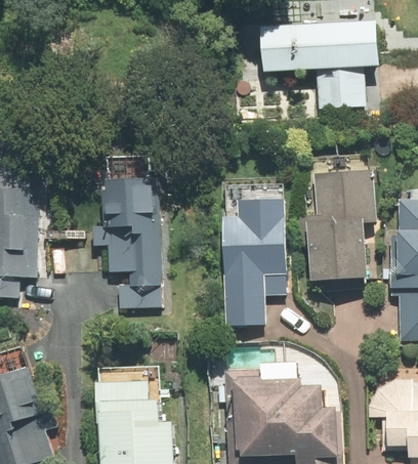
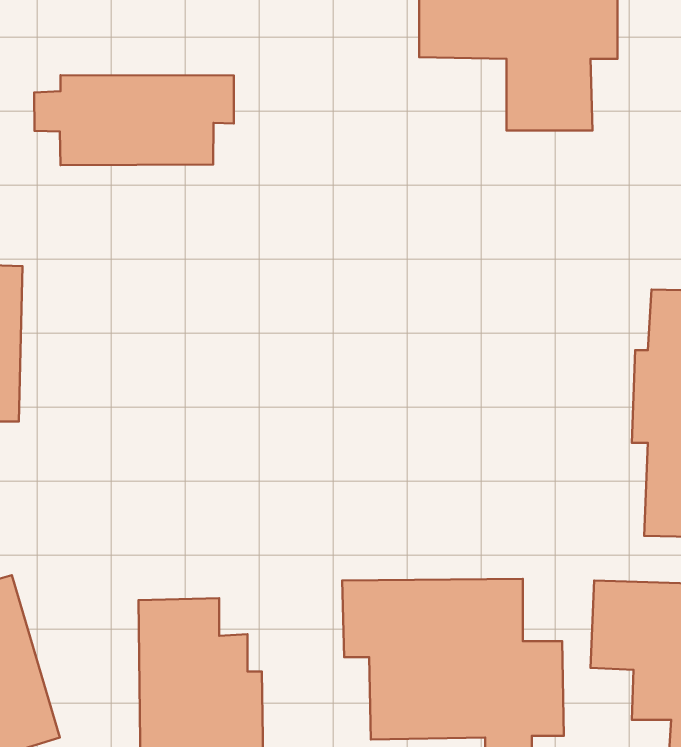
building: none -> [34,75,234,165]
building: [312,171,376,282] -> none
building: [92,178,159,307] -> none
building: [222,200,286,325] -> none

